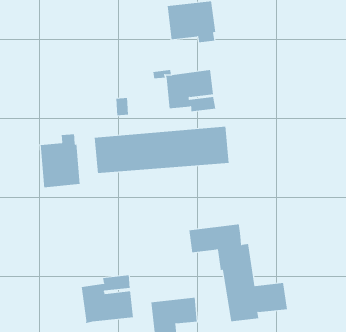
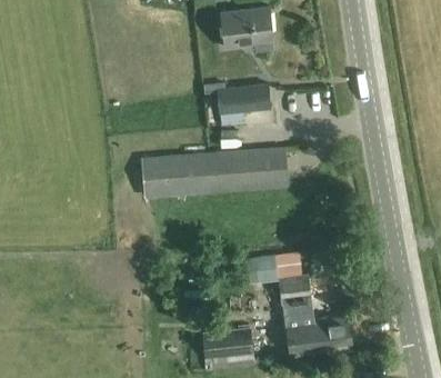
building: [40,133,80,188] -> none
building: [81,275,134,324] -> none

